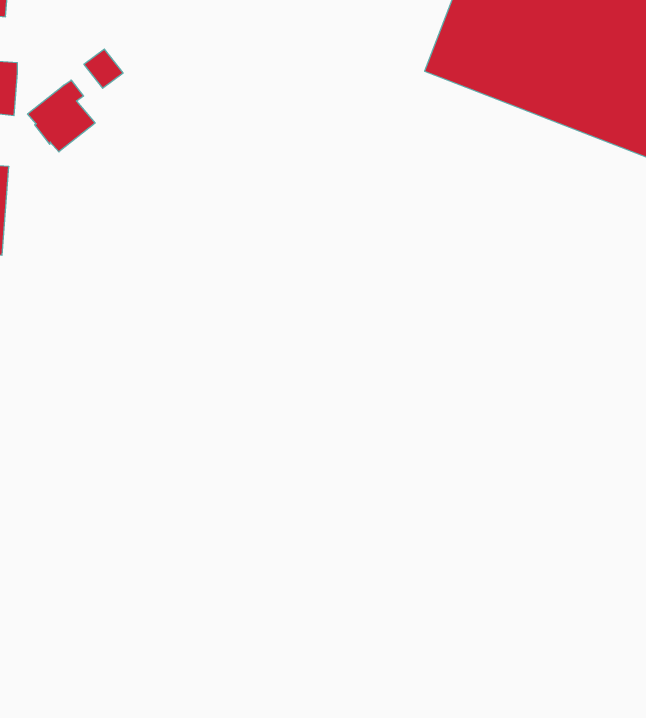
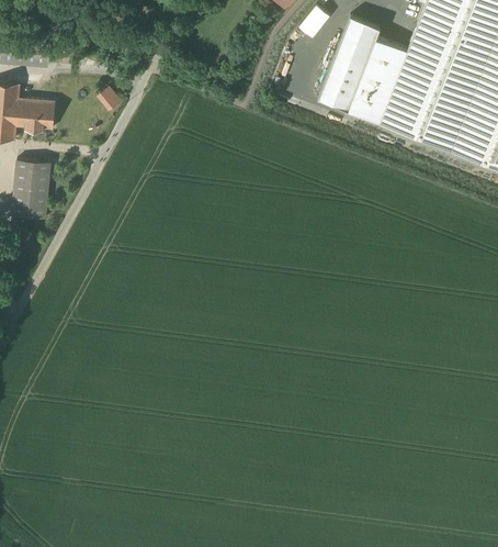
building: [28,80,95,152] -> none

